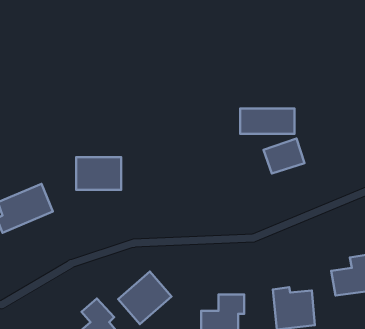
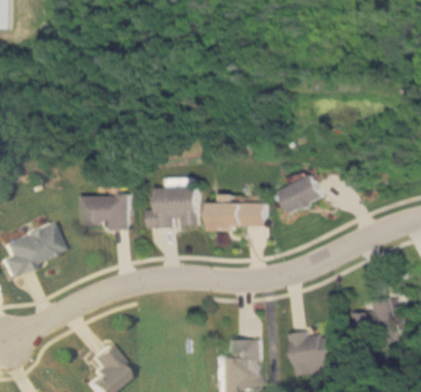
building: [240,108,294,134] -> [217,200,275,227]
building: none -> [155,184,206,227]
building: [118,272,171,324] -> none

